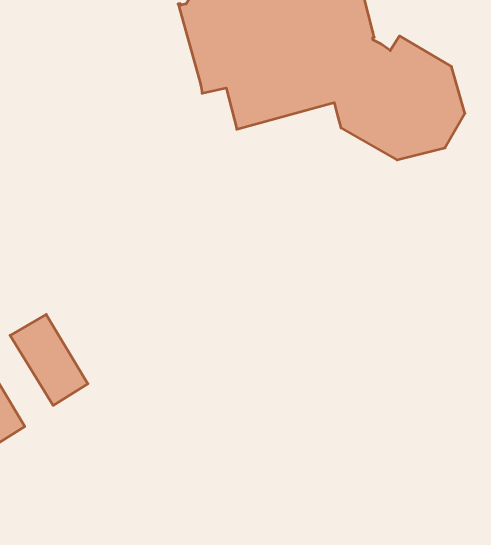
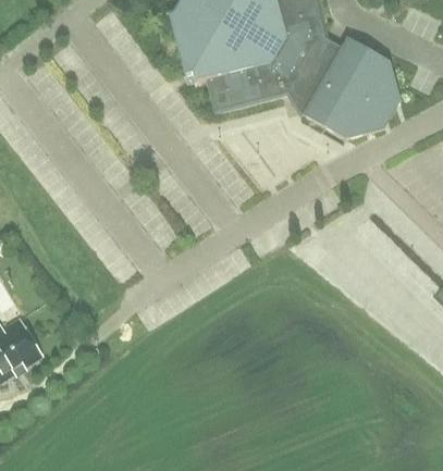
building: [10,314,88,405] -> none

